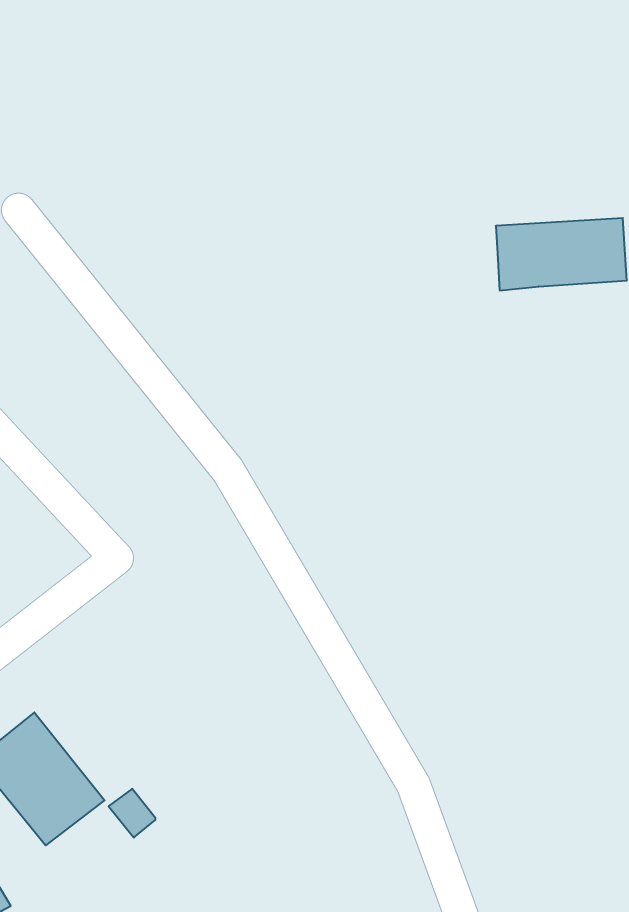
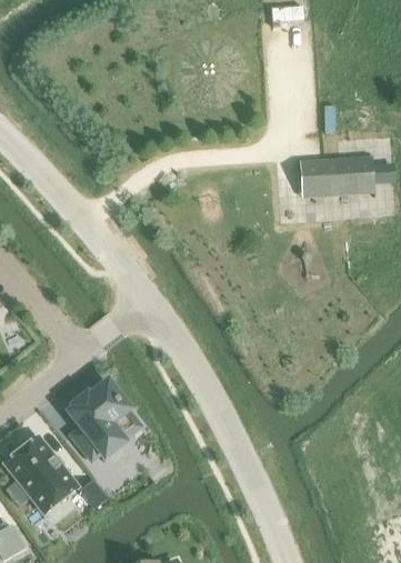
building: none -> [69,381,134,460]

